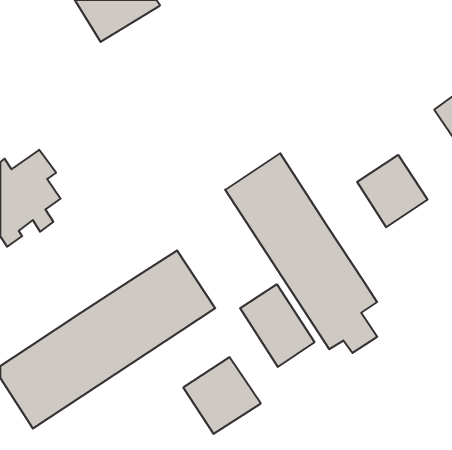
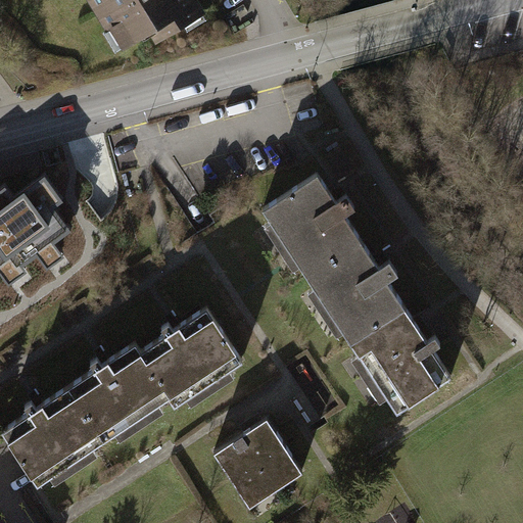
building: [357,155,427,227] -> none
building: [240,284,314,367] -> none

